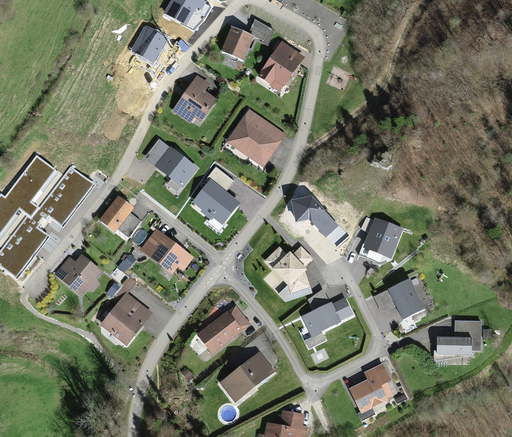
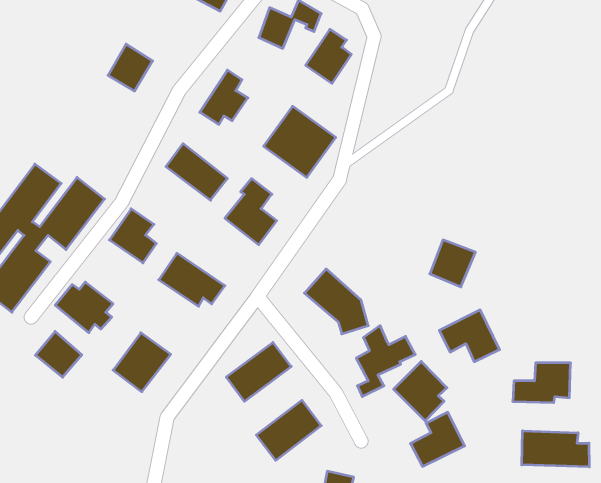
building: [131,25,168,64] -> [108,44,153,91]
building: [292,197,337,236] -> none
building: none -> [35,331,82,377]
building: none -> [394,361,447,421]
building: none -> [522,431,589,467]

